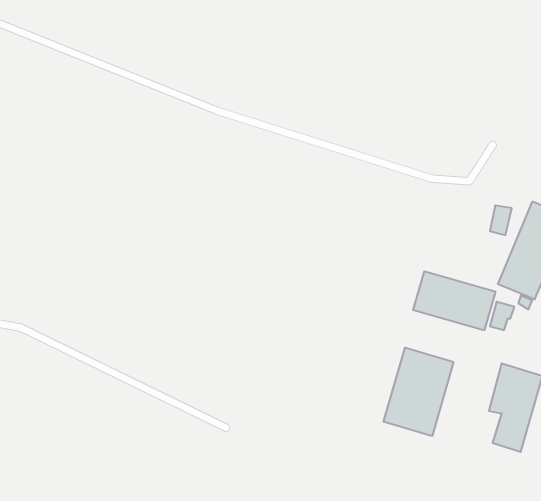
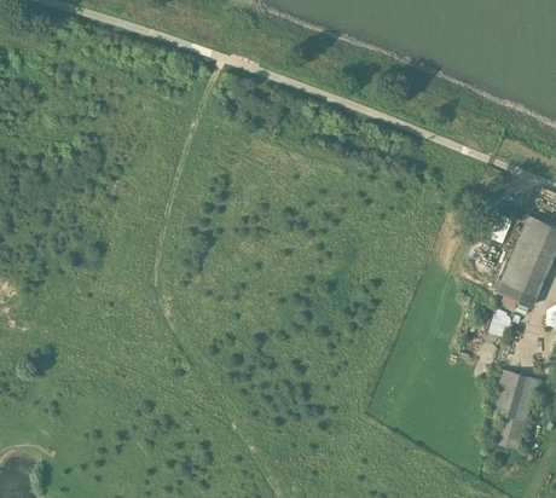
building: [413,271,495,330] -> none
building: [384,348,453,436] -> none

